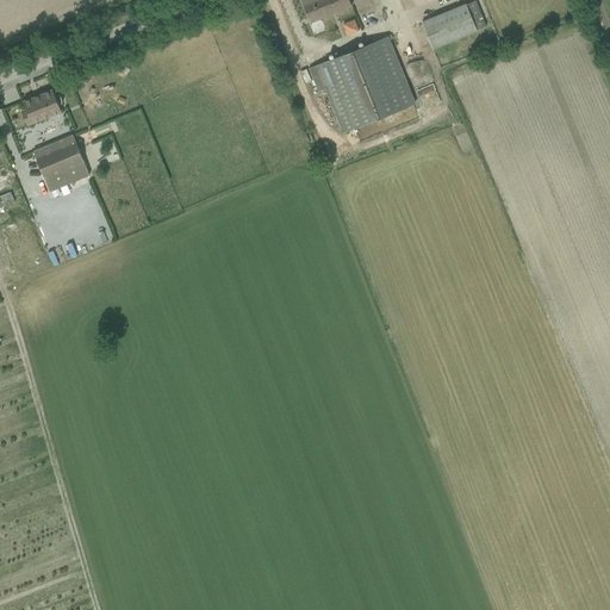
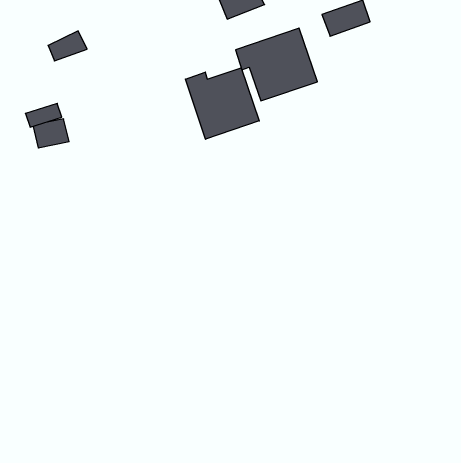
building: [8,88,60,127] -> [48,31,87,61]
building: none -> [185,68,259,139]

